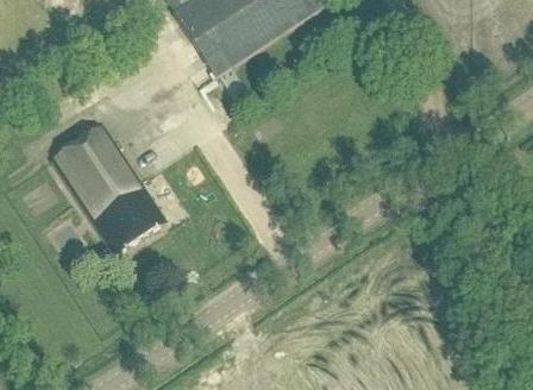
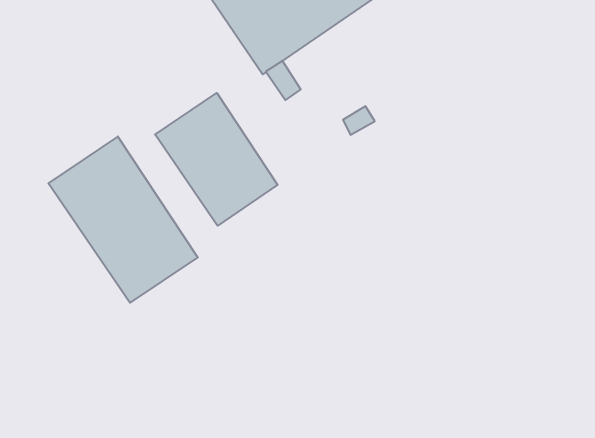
building: none -> [155,93,278,226]

